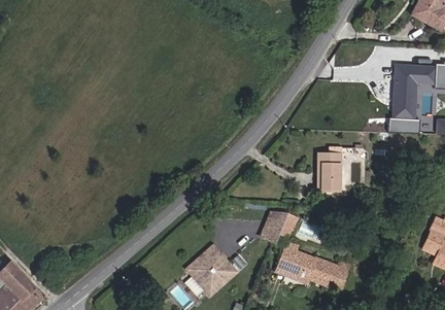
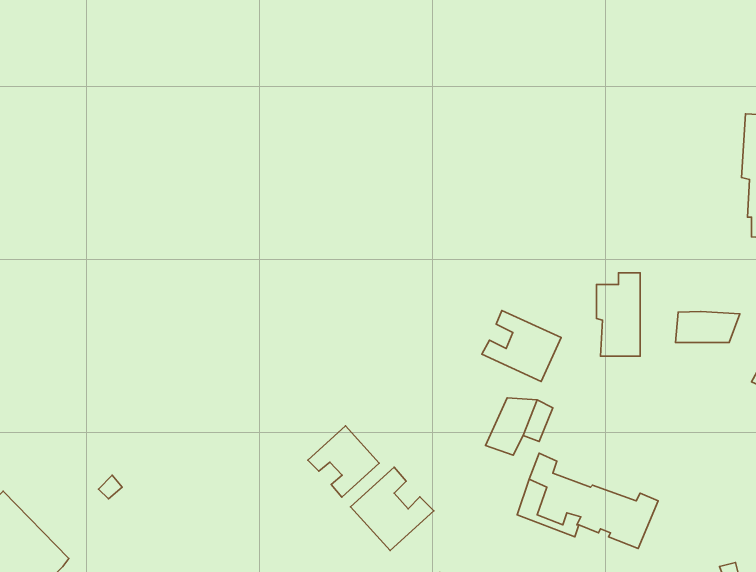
building: none -> [482,310,561,382]
building: none -> [676,312,740,342]
building: none -> [308,426,379,497]

